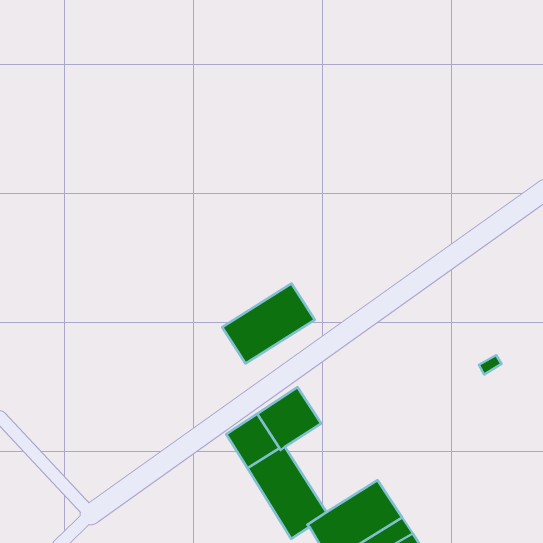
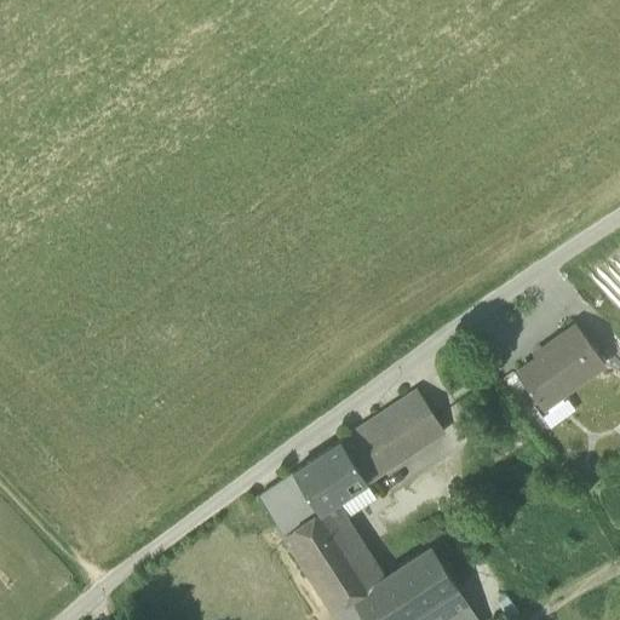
building: [222,283,315,363] -> [340,392,446,483]
building: none -> [518,327,604,409]

